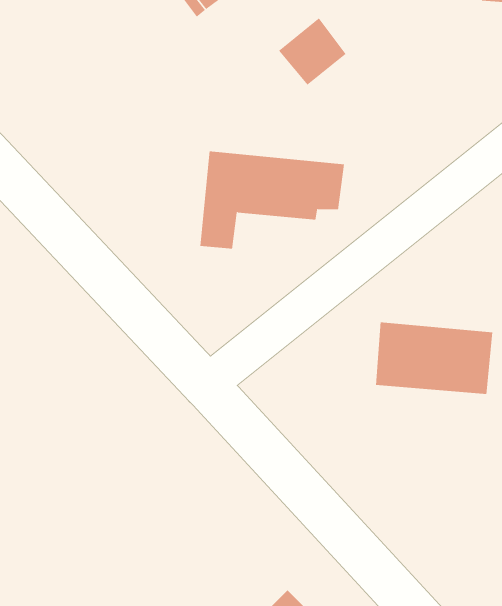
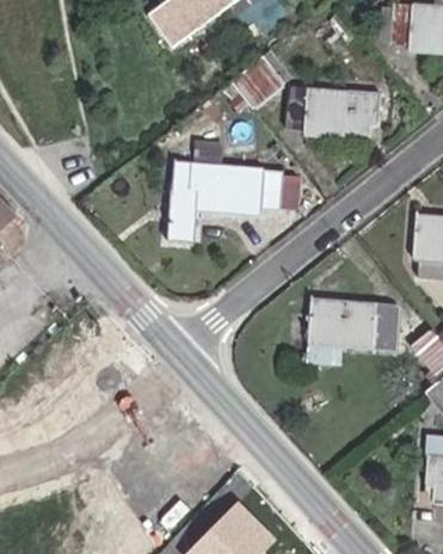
building: none -> [285,86,381,137]

